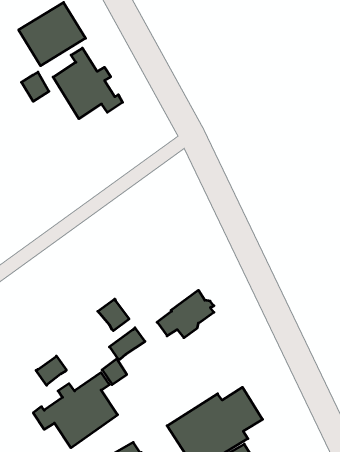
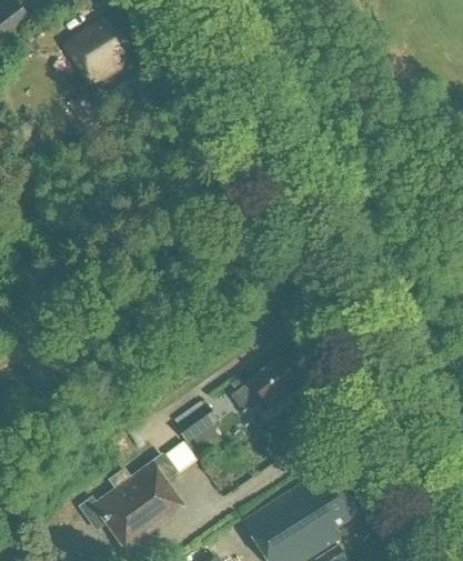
building: [53,48,123,119] -> none
building: [98,299,129,331] -> none
building: [36,356,66,385] -> none

